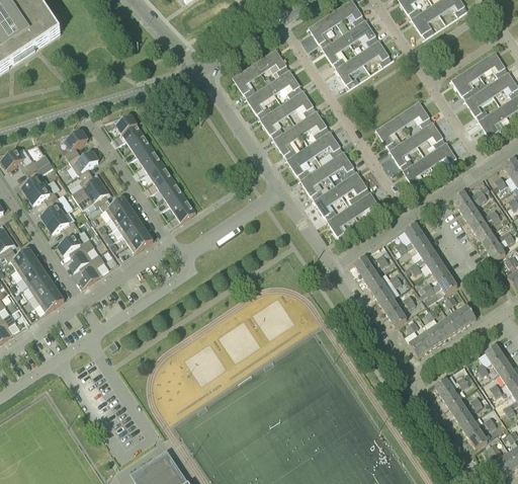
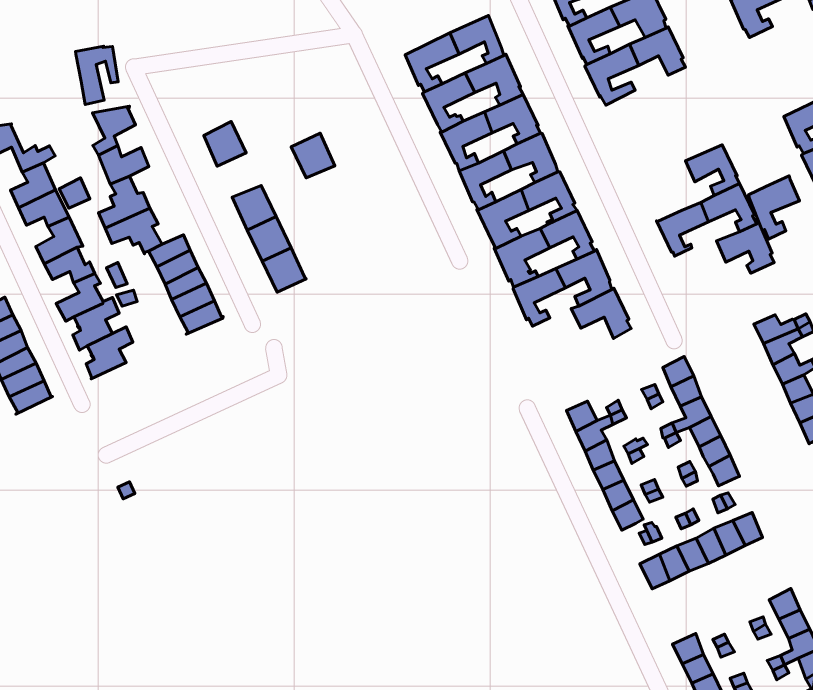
building: none -> [76,46,118,105]
building: [375,112,407,149] -> none
building: [113,114,141,140] -> none
building: [137,146,163,172] -> [291,133,335,178]
building: [402,153,431,190] -> [748,176,800,239]
building: [327,206,355,240] -> none

